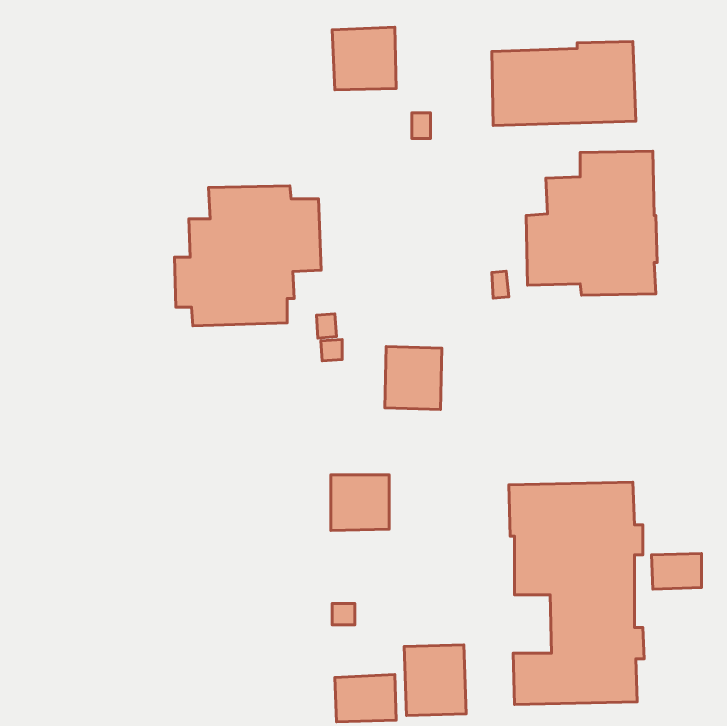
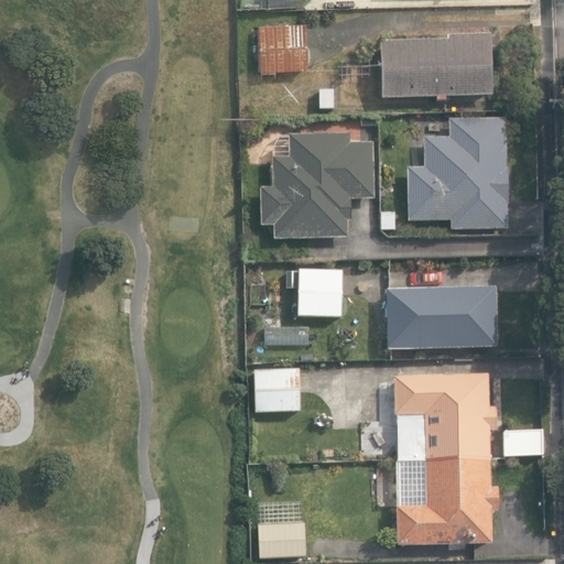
building: [174,186,321,326] -> [260,130,373,238]
building: none -> [386,285,497,349]
building: [404,645,466,716] -> none

